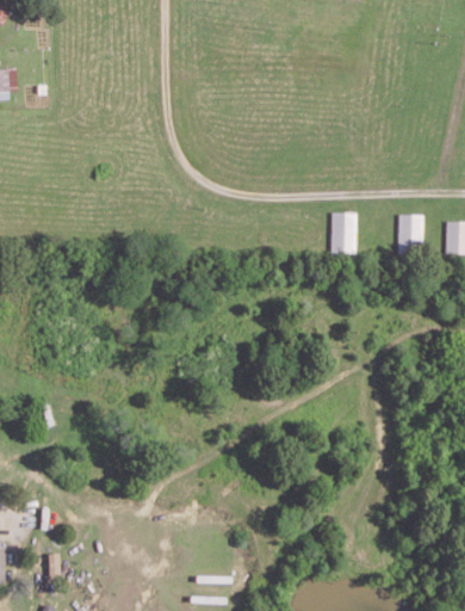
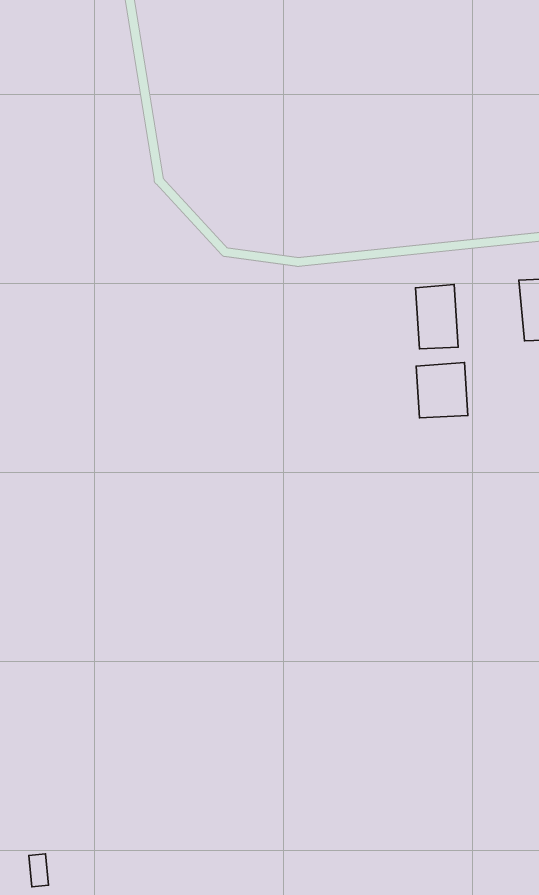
building: none -> [416,363,468,418]

